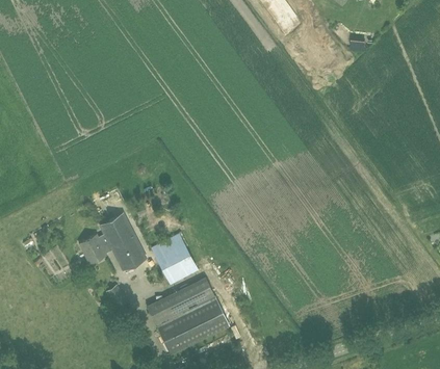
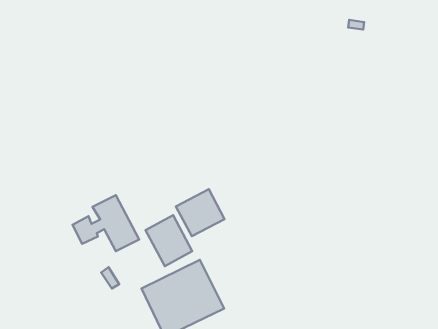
building: none -> [176,189,225,236]

